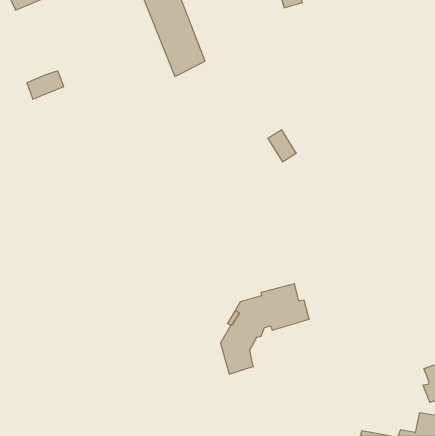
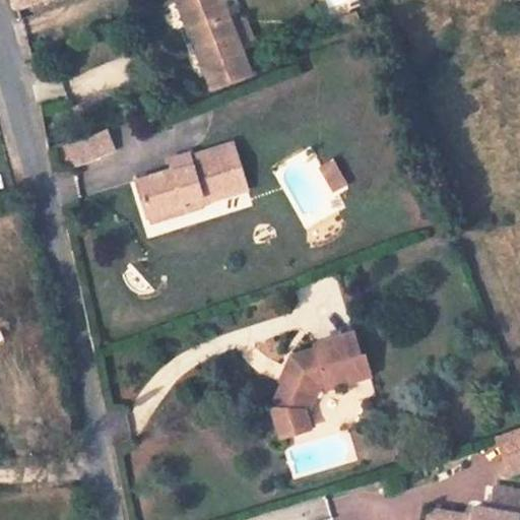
building: [27,71,64,99] -> [71,131,115,165]
building: none -> [141,146,250,217]

